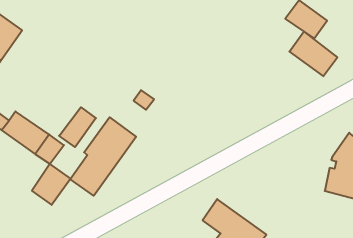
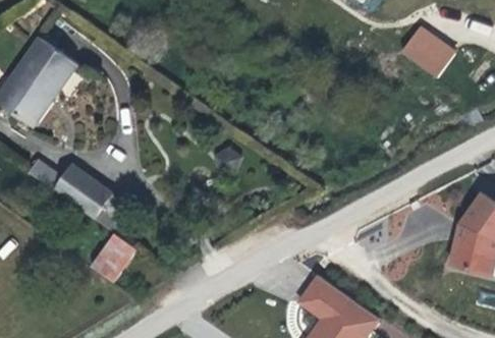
building: [289,32,337,76] -> none
building: [59,107,96,147] -> none
building: [70,117,136,196] -> none

